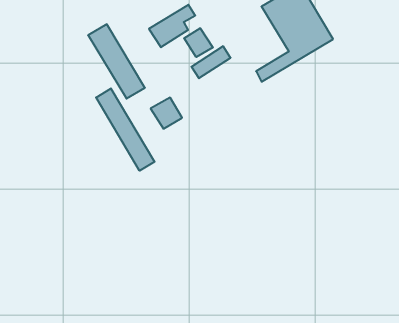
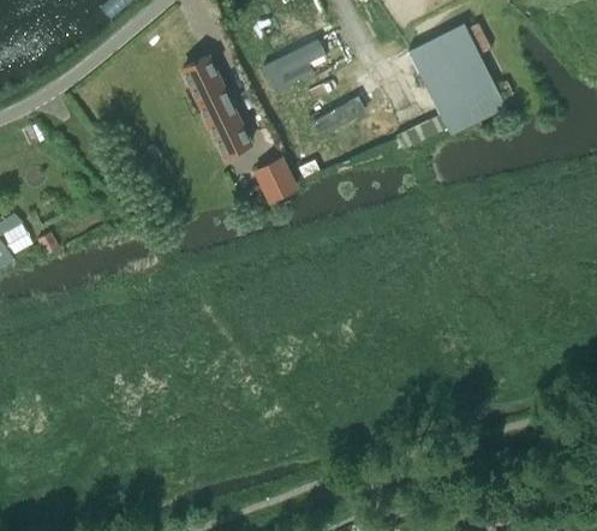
building: [184,28,213,57] -> none
building: [96,88,155,171] -> none

